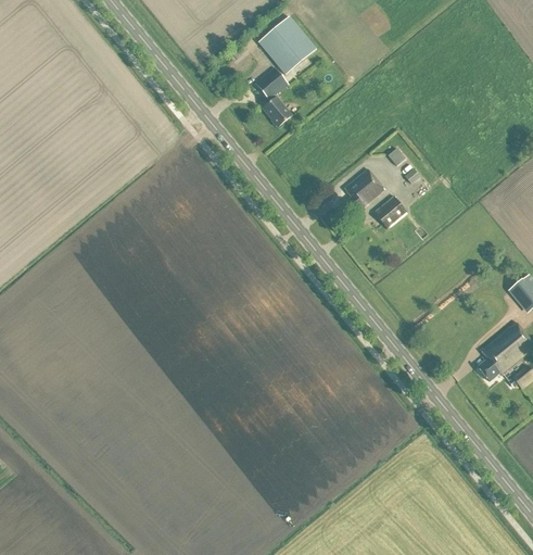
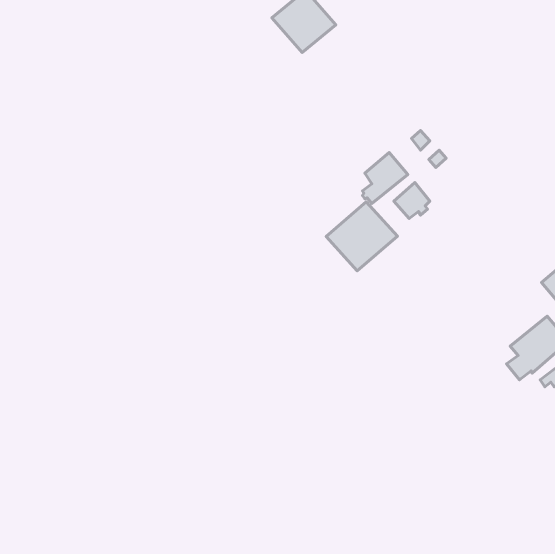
building: [254,67,291,126] -> none
building: none -> [326,202,397,271]

